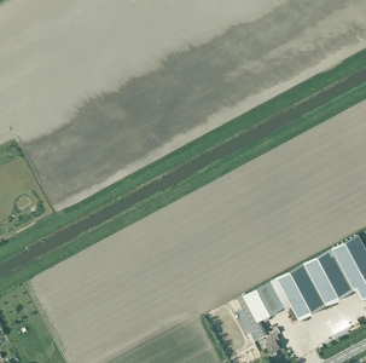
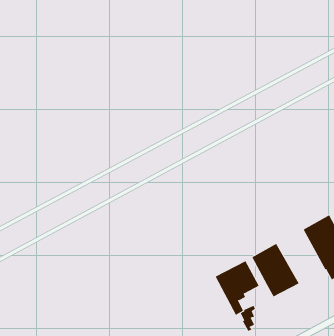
building: [303,248,354,305] -> none

